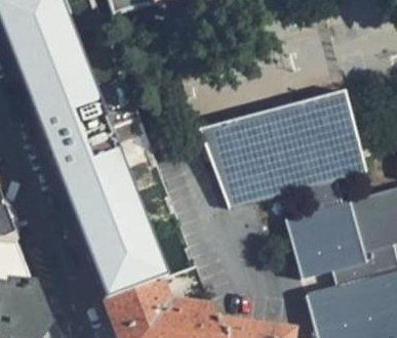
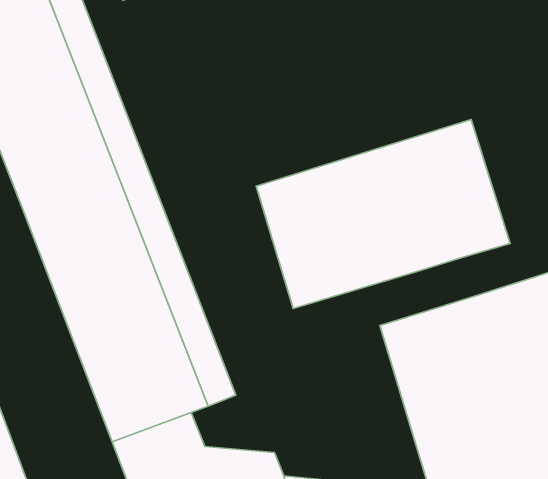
building: [309,181,347,216] -> none

